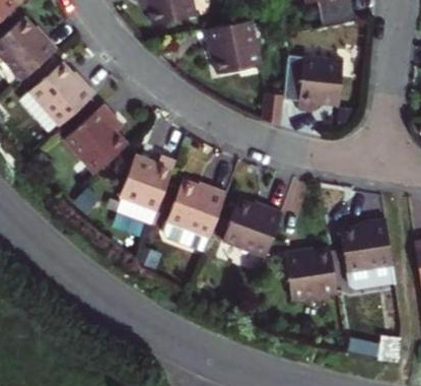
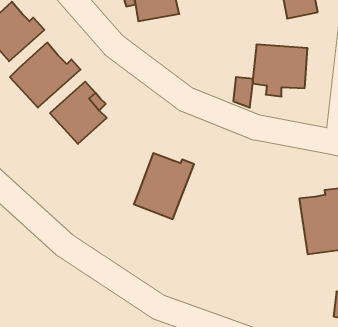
building: [213,24,272,77] -> none
building: [114,168,169,223] -> none
building: [218,199,280,257] -> none
building: [282,249,334,302] -> none

